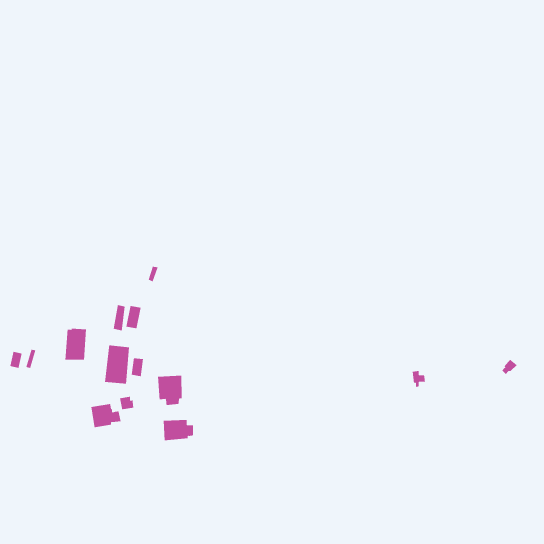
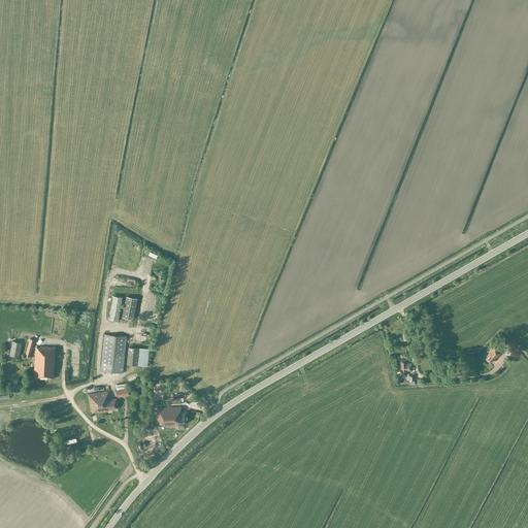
building: [65,328,87,360] -> [34,346,56,377]
building: [157,375,182,406] -> none

